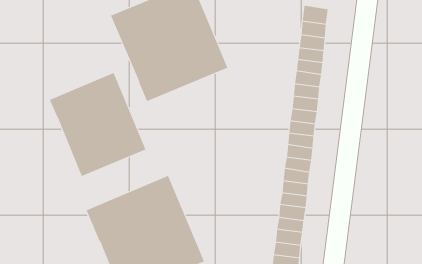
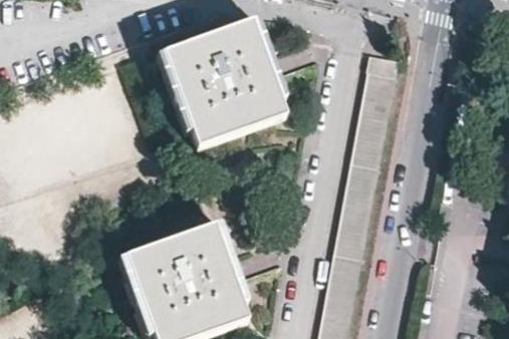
building: [49,72,146,177] -> none

